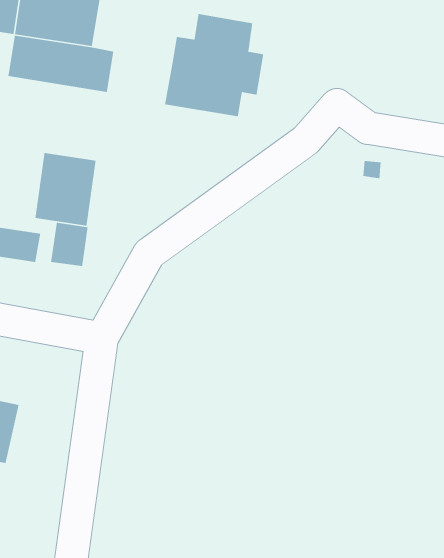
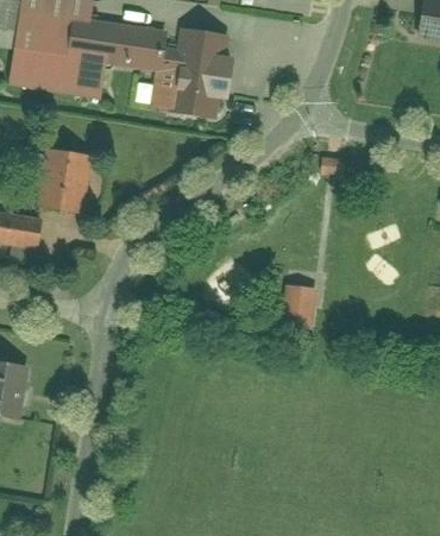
building: none -> [87,19,163,67]
building: [50,222,89,267] -> none
building: none -> [285,284,319,320]

